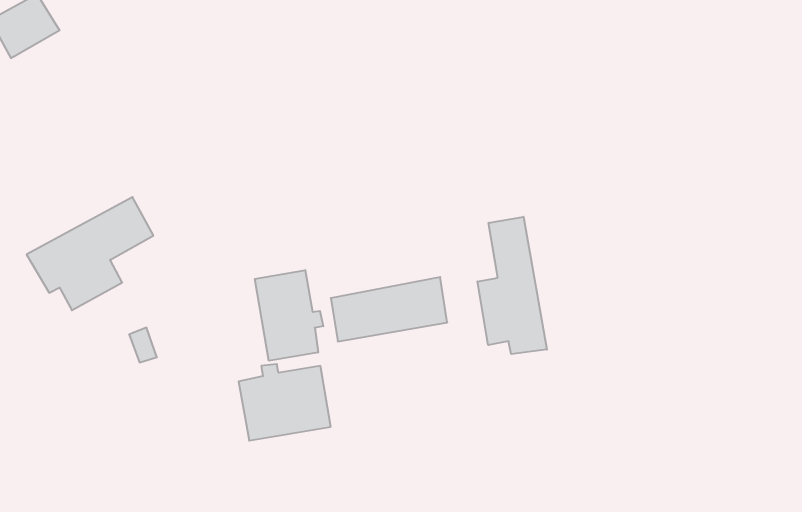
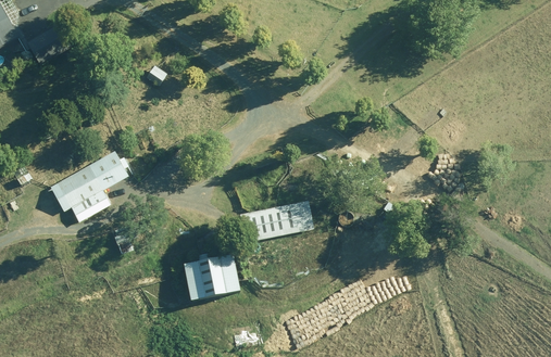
building: [477,217,547,354] -> none
building: [255,270,323,361] -> none

